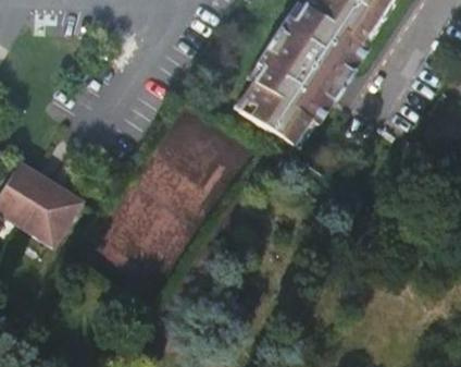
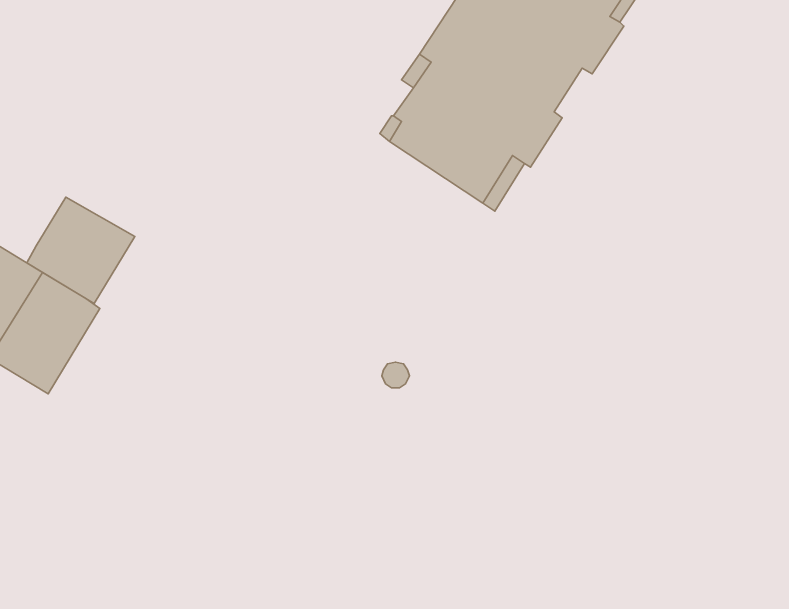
building: none -> [27,197,135,303]

